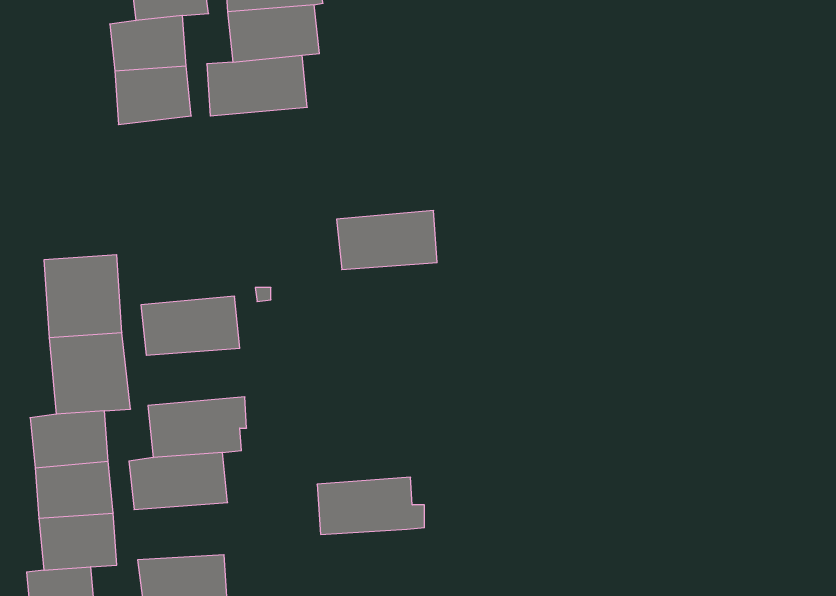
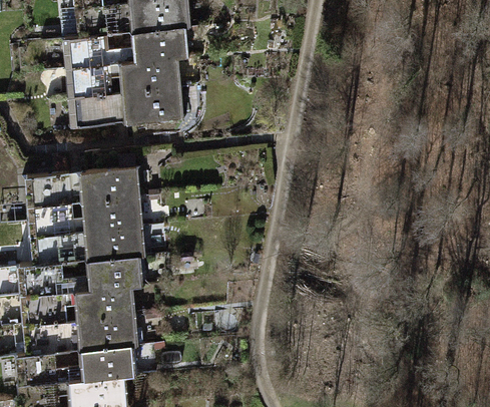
building: none -> [70,93,114,128]
building: [337,211,437,270] -> [123,88,181,122]
building: none -> [81,159,137,202]
building: none -> [86,228,143,261]
building: [317,477,424,534] -> [79,317,141,350]

